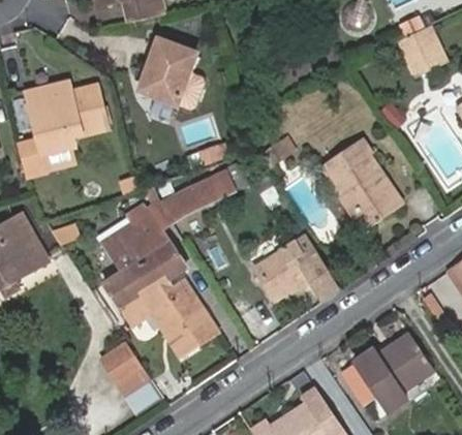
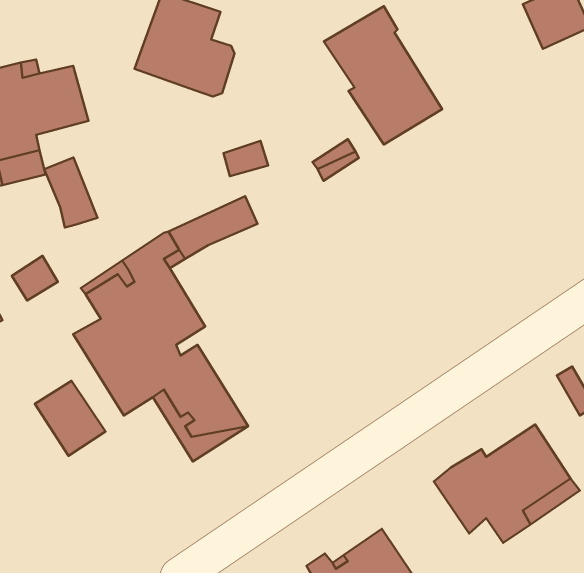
building: [324,136,403,229] -> [324,6,442,144]
building: none -> [44,157,97,228]
building: [255,234,338,301] -> none
building: [101,342,149,393] -> [35,381,105,456]

